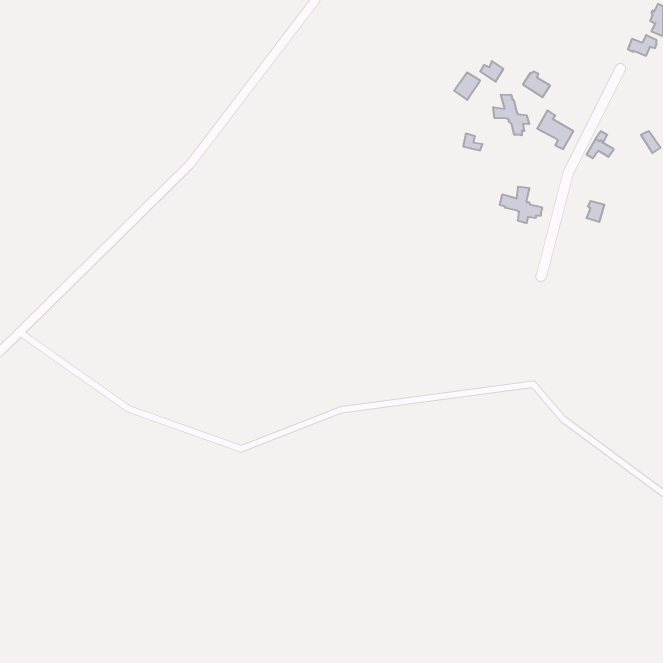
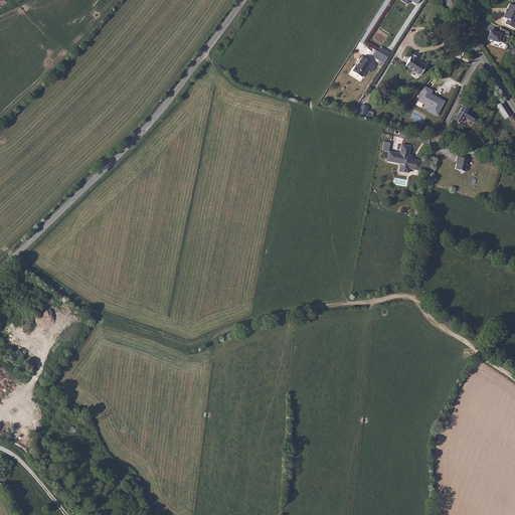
building: [493,95,529,135] -> none

